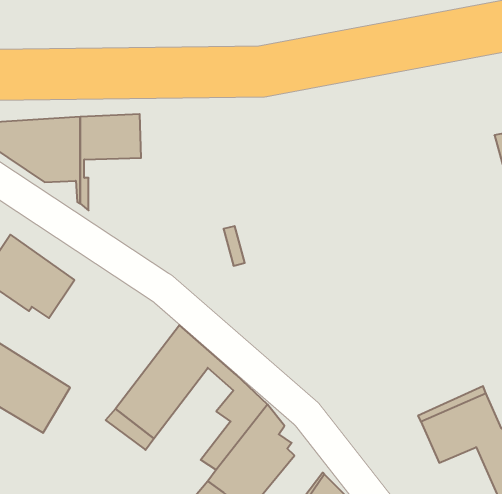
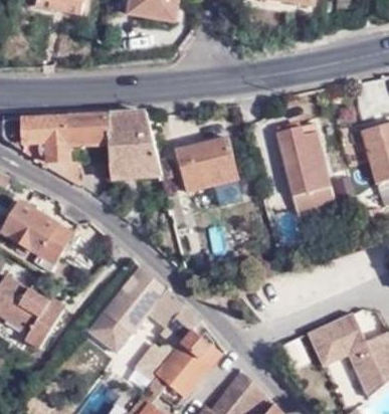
building: none -> [110,114,163,181]
building: none -> [276,128,334,215]
building: none -> [179,142,239,195]

